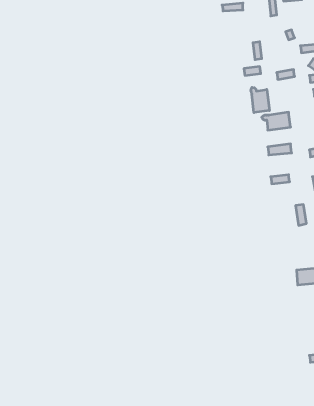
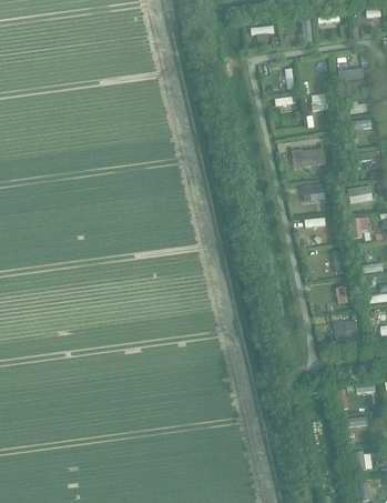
building: [251,87,269,113] -> none

